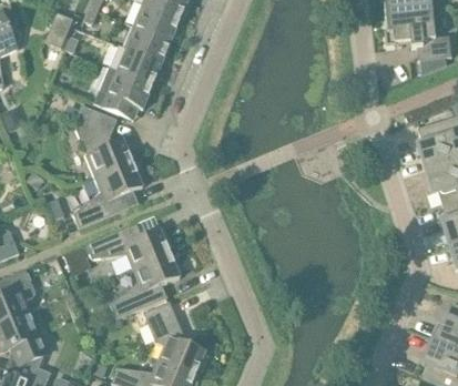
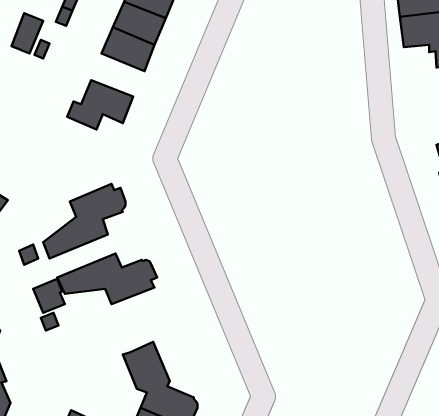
building: [109,47,161,87] -> none
building: [61,105,134,179] -> none
building: [110,254,182,318] -> none

